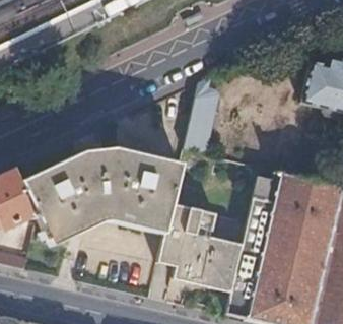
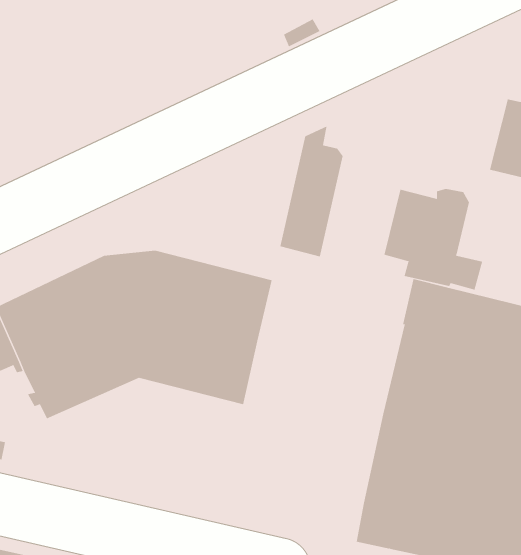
building: none -> [384,188,483,291]
building: [158,200,244,293] -> none

